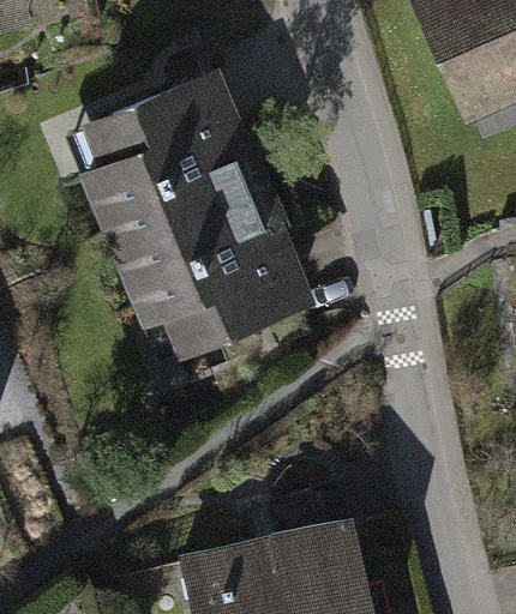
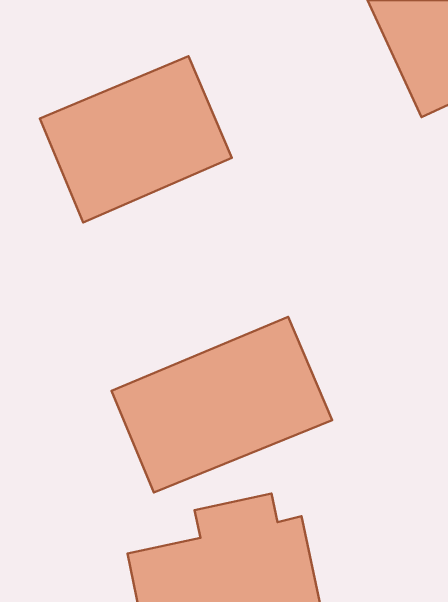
building: [128,164,329,350] -> none
building: none -> [112,317,332,492]

